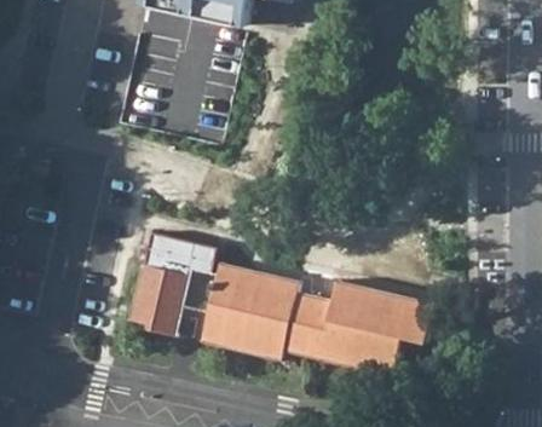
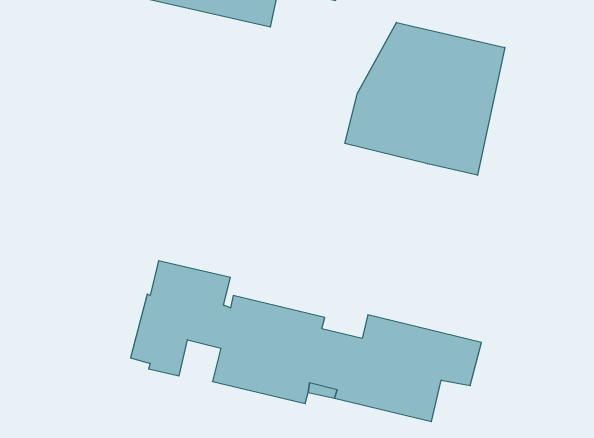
building: none -> [345,22,505,175]

